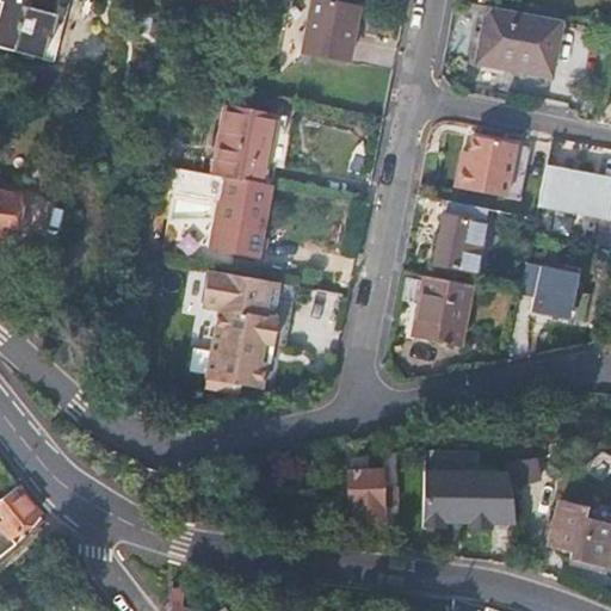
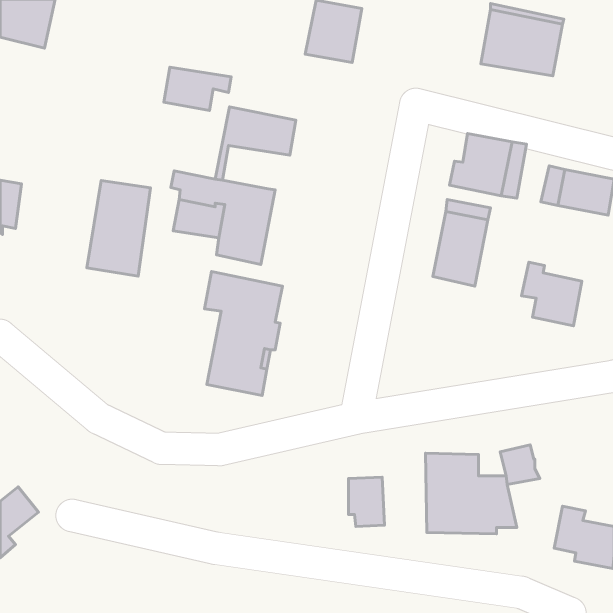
building: [222,144,289,187] -> [164,67,231,111]
building: none -> [87,181,151,276]
building: [407,285,471,356] -> none

